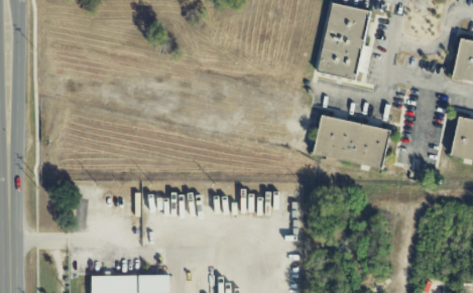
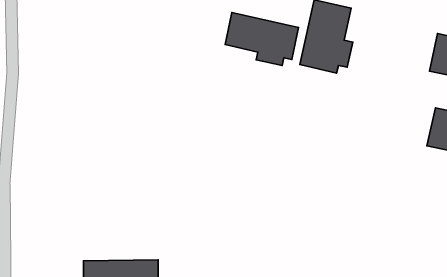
building: none -> [225,13,299,65]
building: [313,115,391,170] -> none

